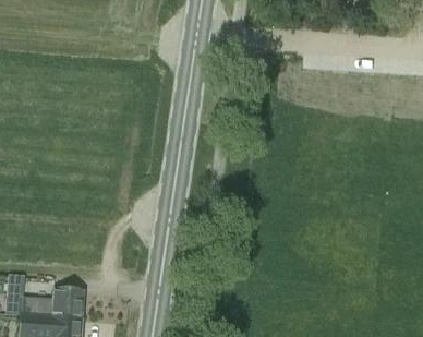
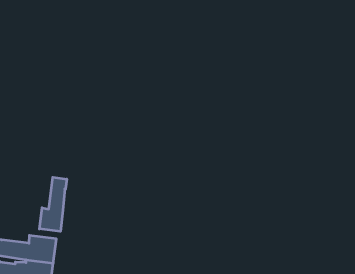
building: none -> [39,177,67,231]

